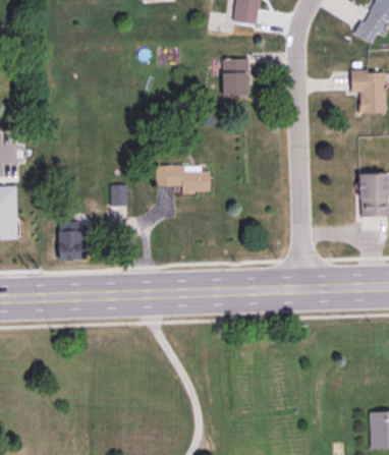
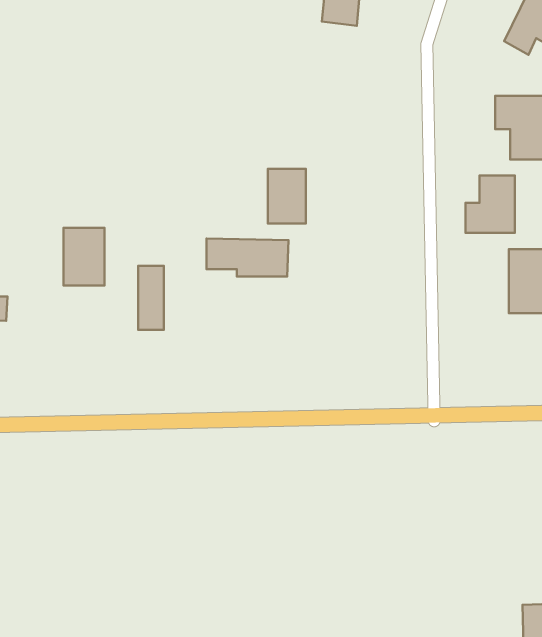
building: [223,58,248,95] -> [268,169,306,224]
building: none -> [466,176,515,233]
building: [58,221,86,260] -> [64,228,105,286]

